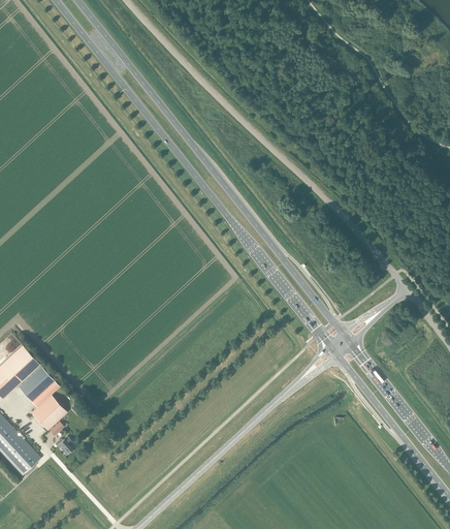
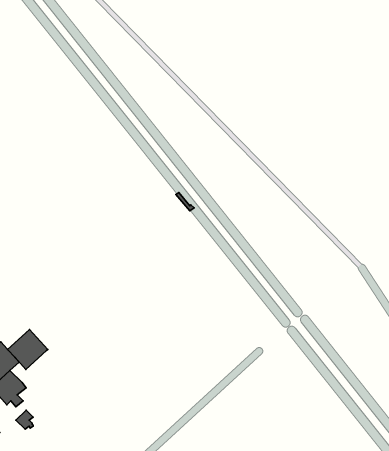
building: none -> [7,329,48,370]

